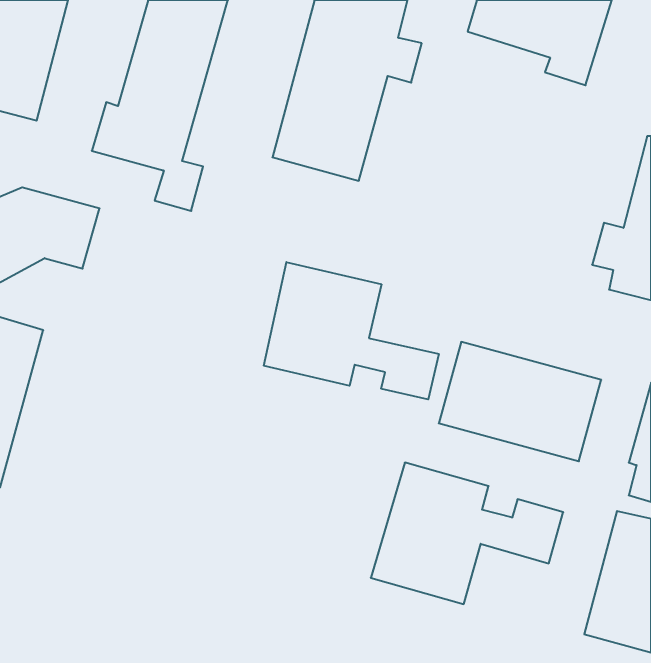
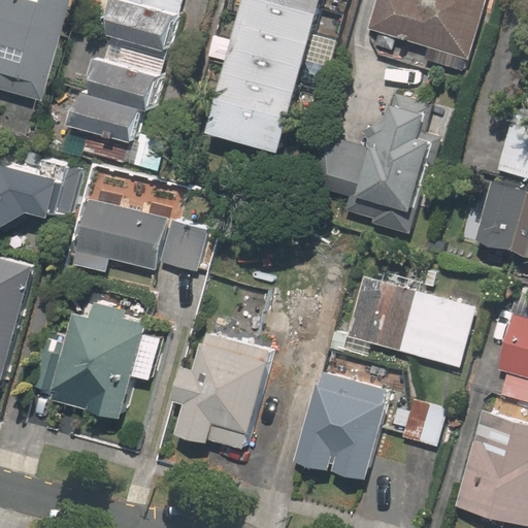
building: none -> [303,95,437,231]
building: none -> [73,199,204,271]
building: [264,262,439,399] -> none
building: none -> [27,301,161,418]
building: none -> [174,327,272,448]

